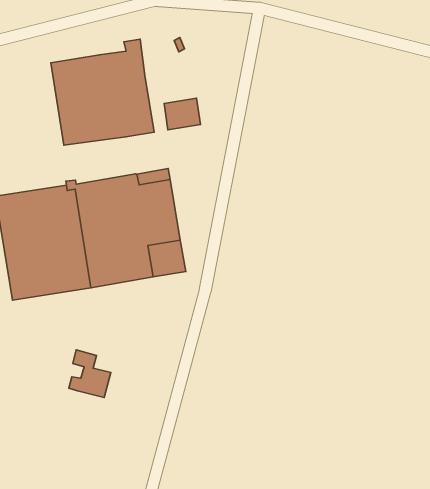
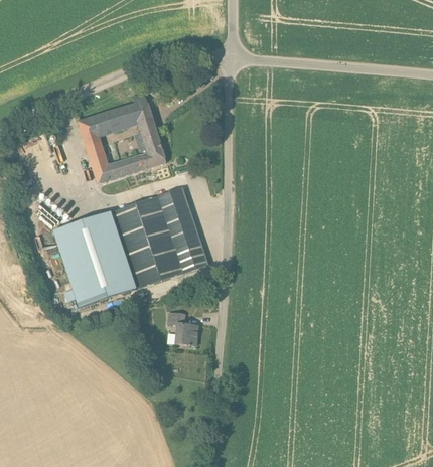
building: [164,98,200,130] -> none
building: [69,350,111,398] -> [166,311,196,344]

